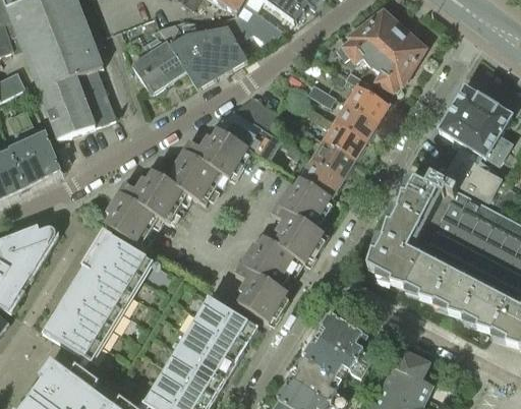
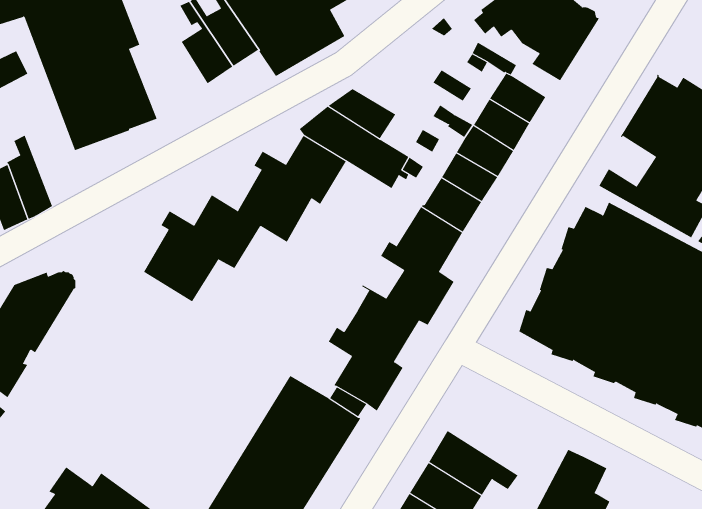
building: [22,124,60,179] -> none
building: [42,231,151,361] -> none
building: [317,314,374,367] -> none

